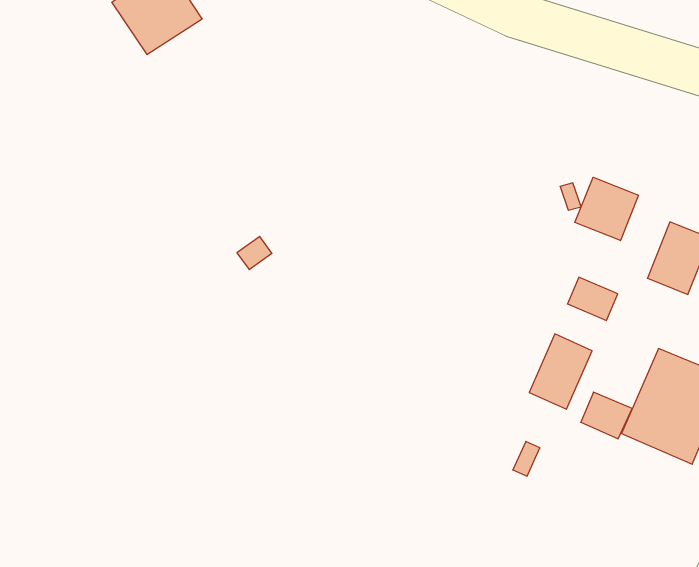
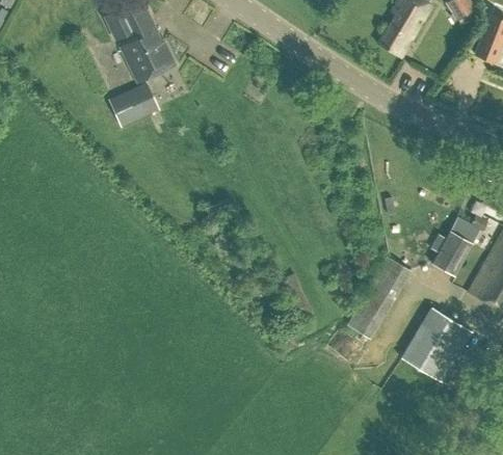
building: none -> [109,83,159,126]
building: [575,177,638,241] -> none
building: [581,392,632,439] -> [368,272,401,303]

